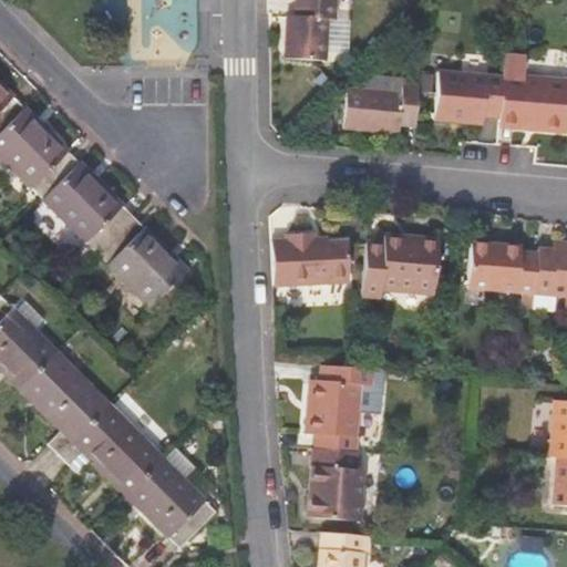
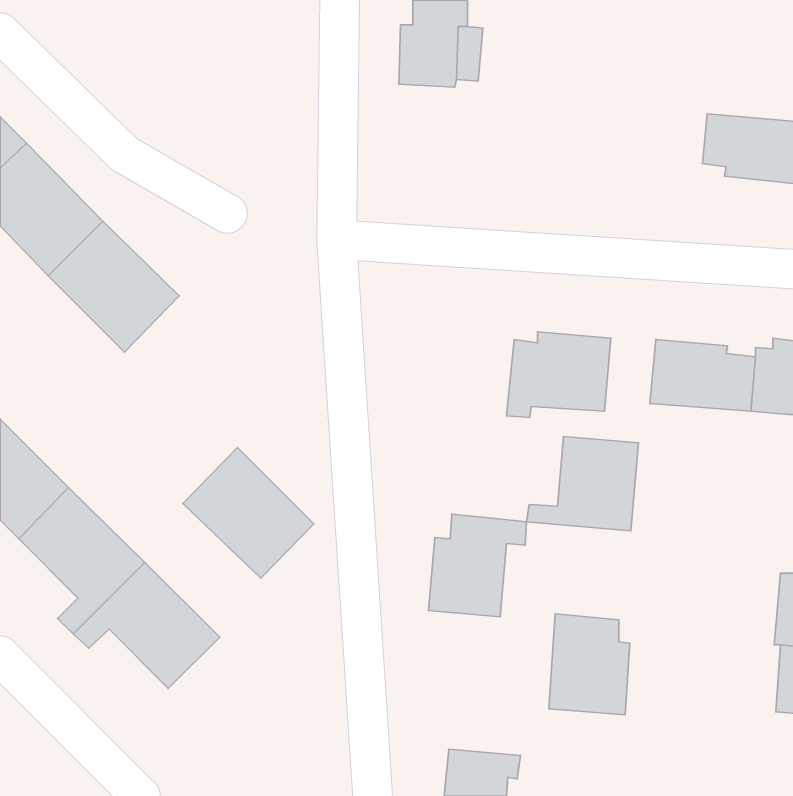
building: [437,75,505,126] -> none
building: [347,85,422,134] -> none
building: [91,210,184,303] -> [183,447,314,578]
building: [274,230,346,282] -> none
building: none -> [526,436,638,531]
building: [307,449,364,520] -> [549,614,630,715]
building: [122,453,213,543] -> none

